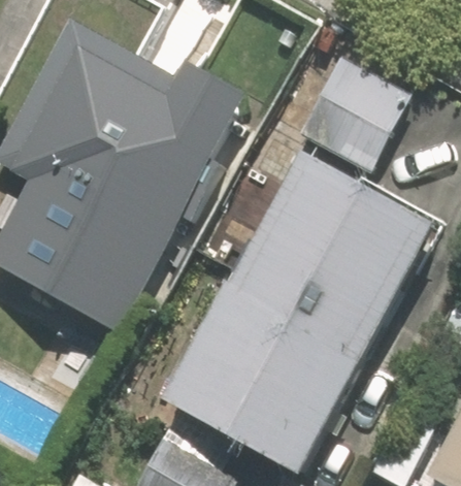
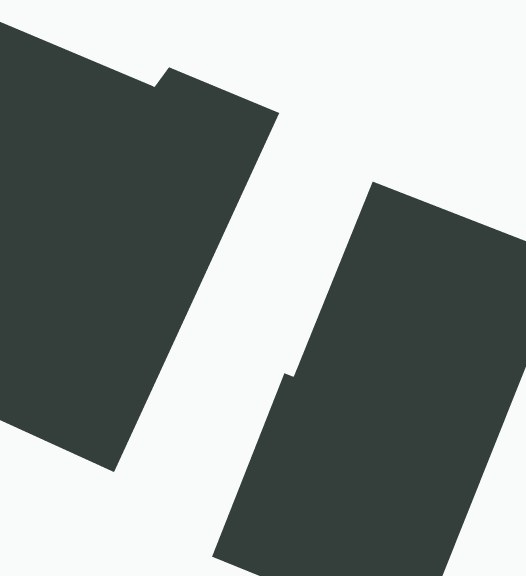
building: [302,57,413,171] -> none

